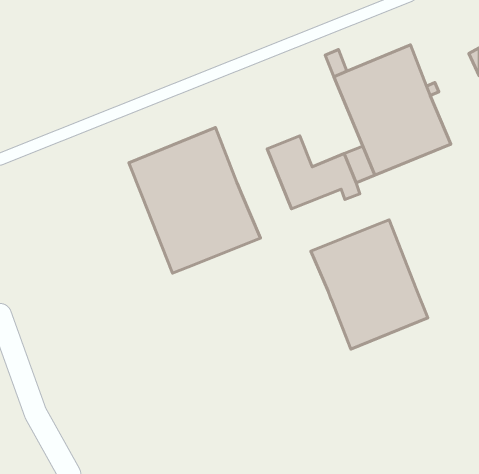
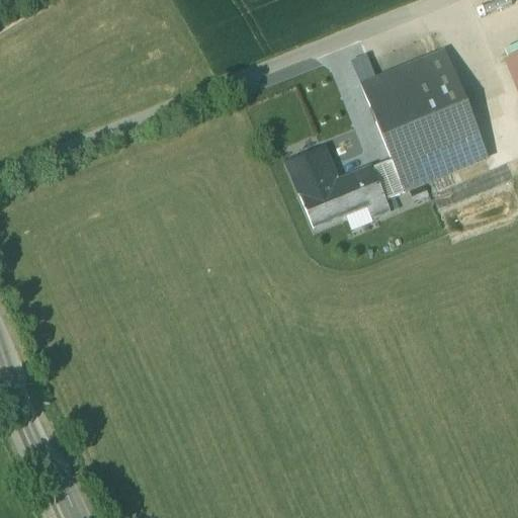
building: [129,128,261,273] -> none
building: [311,220,428,349] -> none

